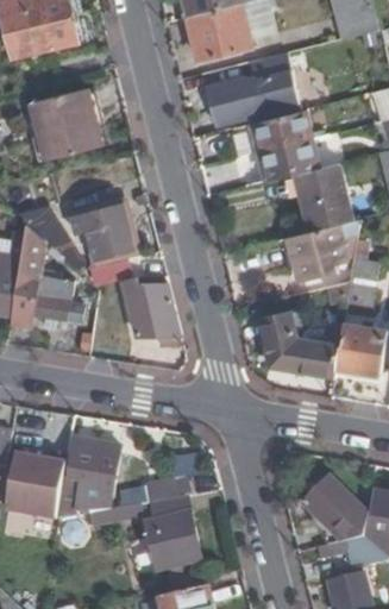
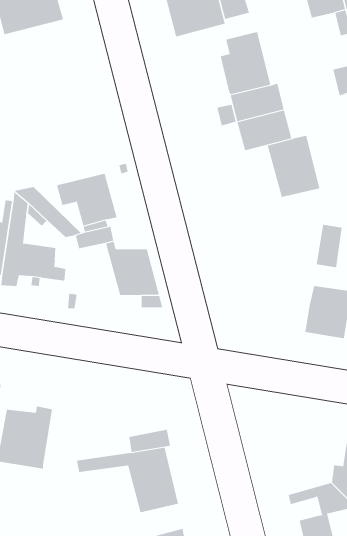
building: [206,77,252,125] -> none
building: [30,88,101,161] -> none
building: [286,219,360,280] -> none
building: [258,312,339,377] -> none
building: [71,442,115,514] -> none
building: [305,479,363,538] -> none

